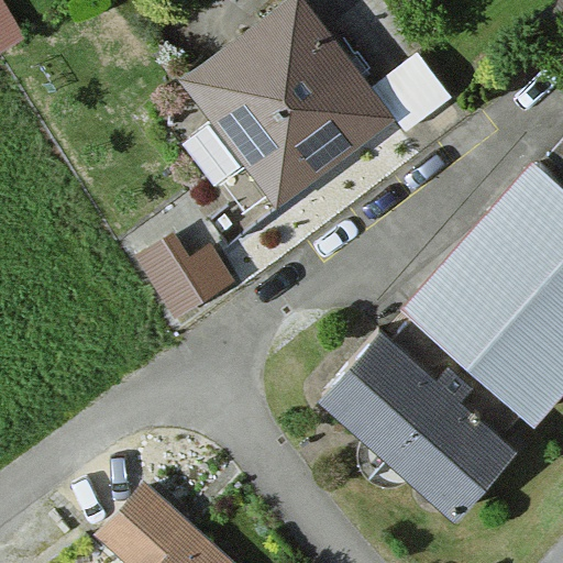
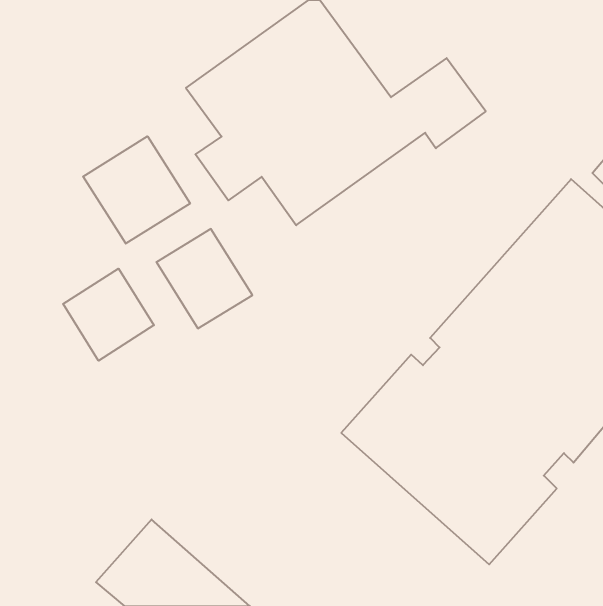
building: none -> [83,136,190,244]
building: none -> [63,269,154,361]

